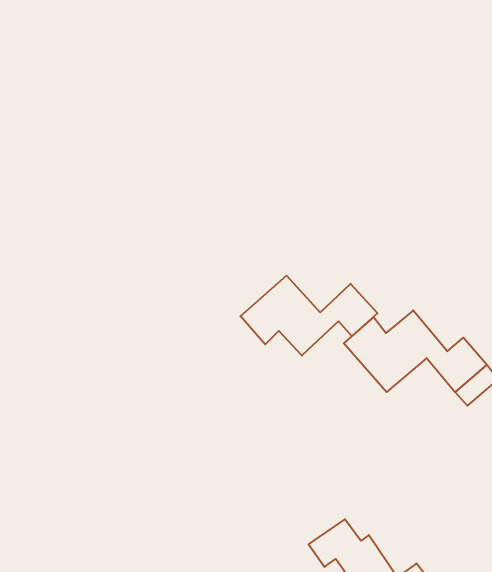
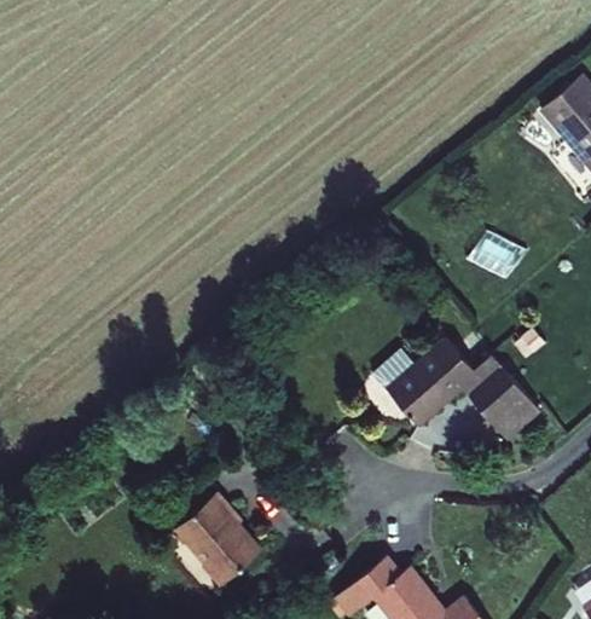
building: [240,276,377,356] -> none
building: none -> [174,493,261,588]

